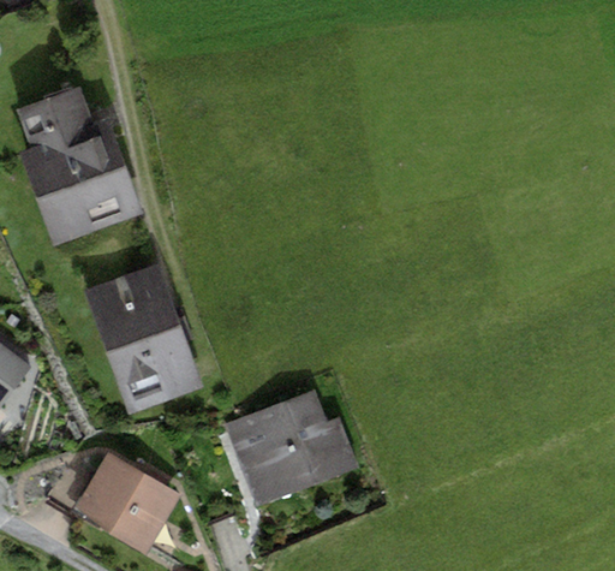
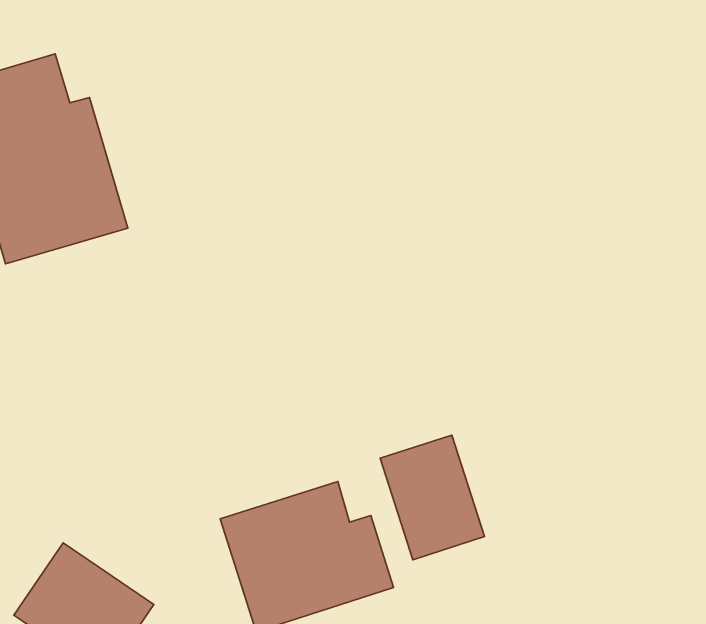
building: [79,264,202,415] -> none
building: none -> [380,435,484,560]

